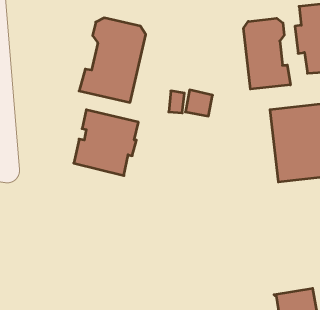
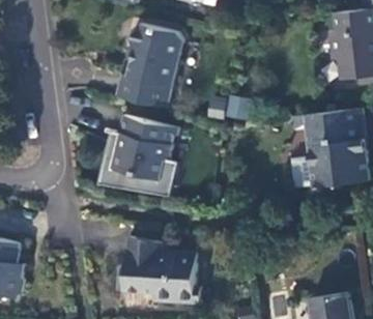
building: [244,18,290,89] -> none
building: none -> [116,236,199,302]

